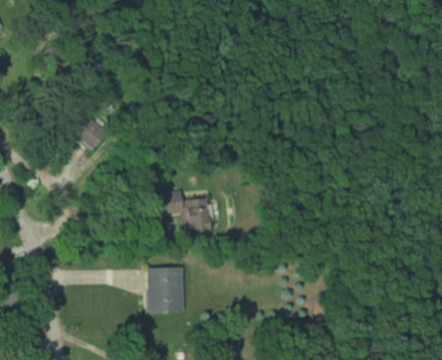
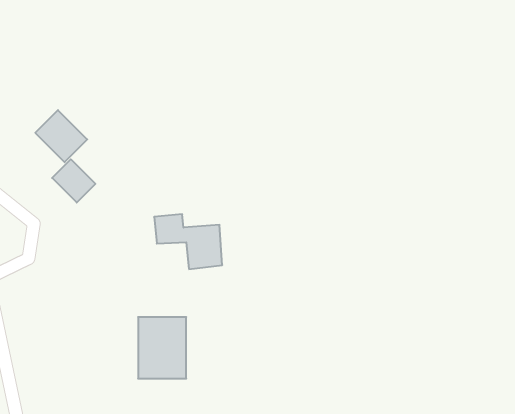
building: none -> [52,159,95,203]

